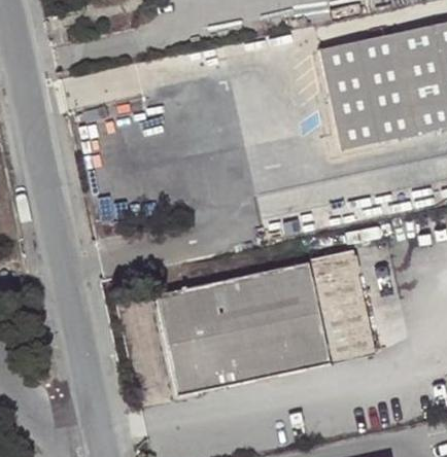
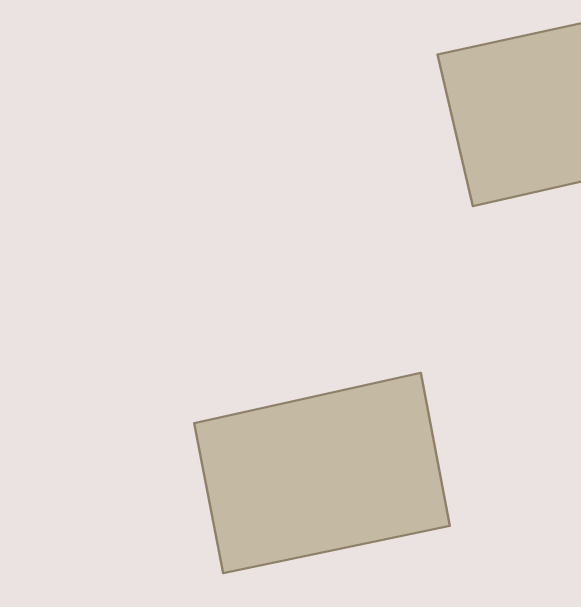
building: [310,250,373,363] -> none

